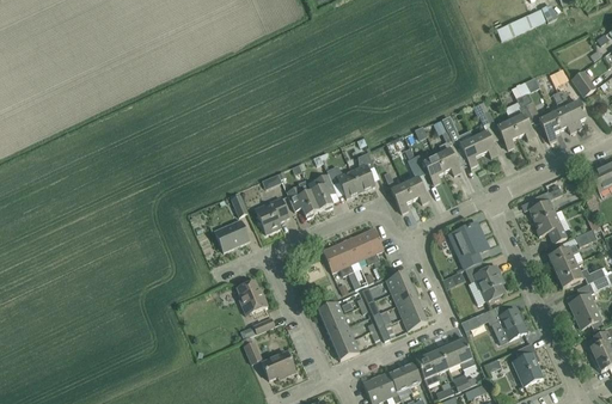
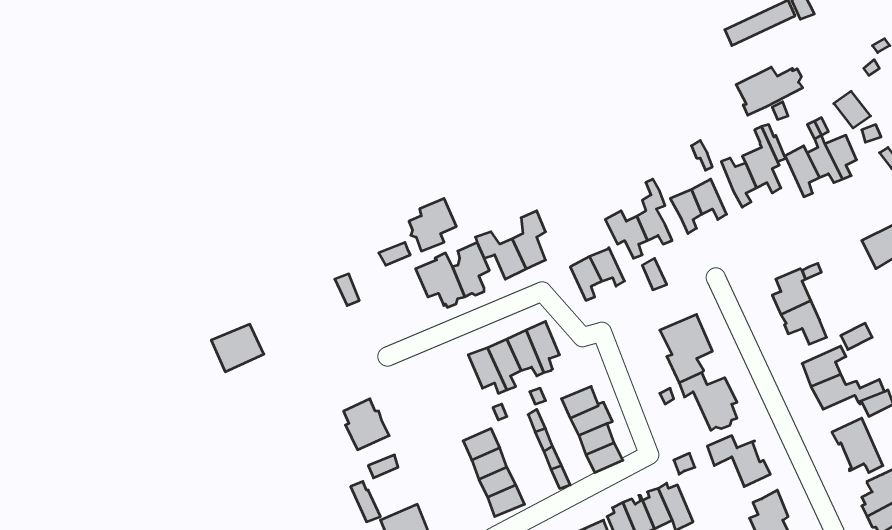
building: none -> [736,67,803,115]
building: [257,197,289,233] -> [409,198,456,251]
building: [214,220,250,252] -> [211,324,264,372]

